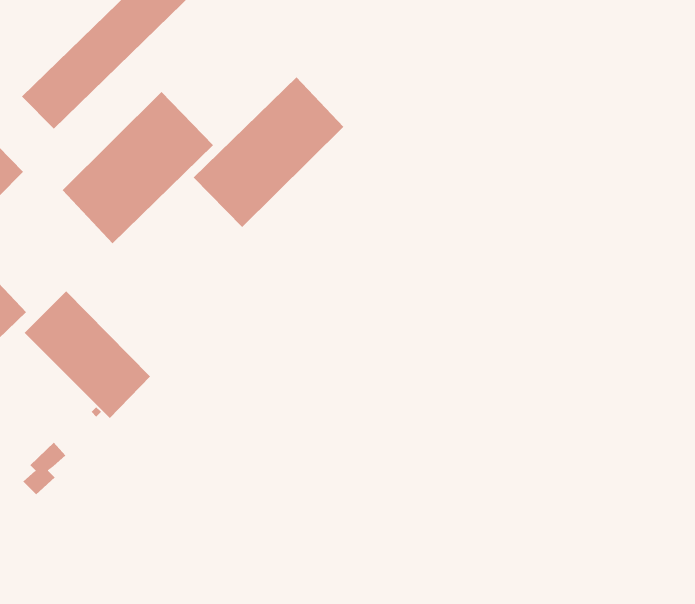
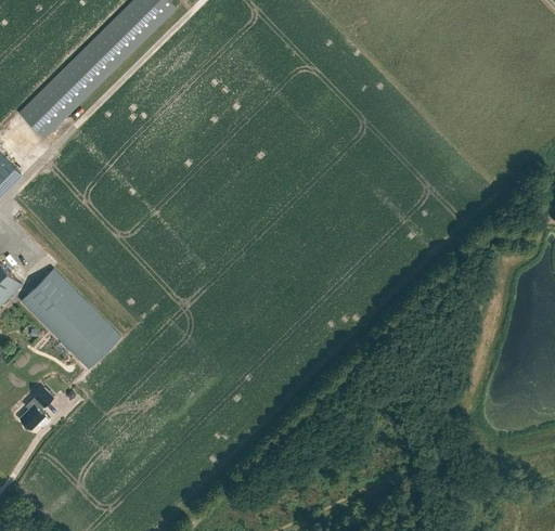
building: [193,76,344,228] -> none
building: [62,91,214,244] -> none

